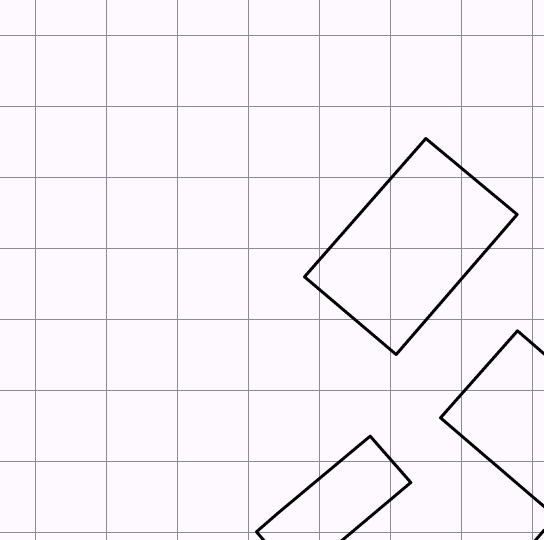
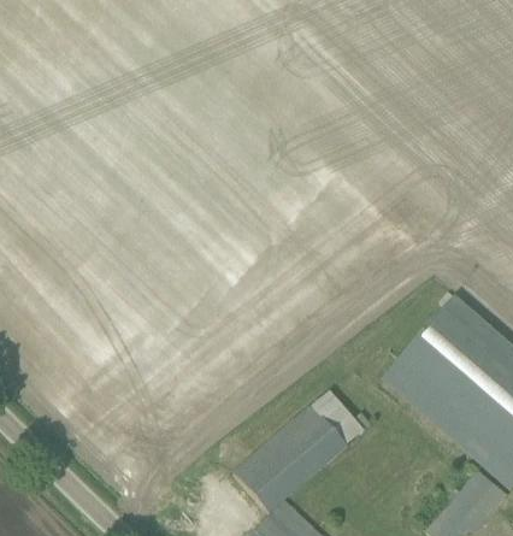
building: [304,138,517,355] -> none

